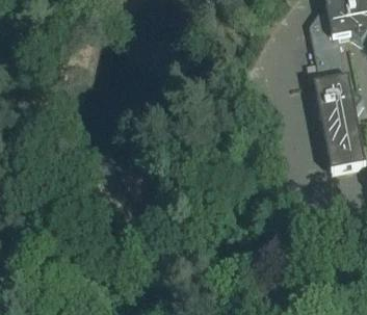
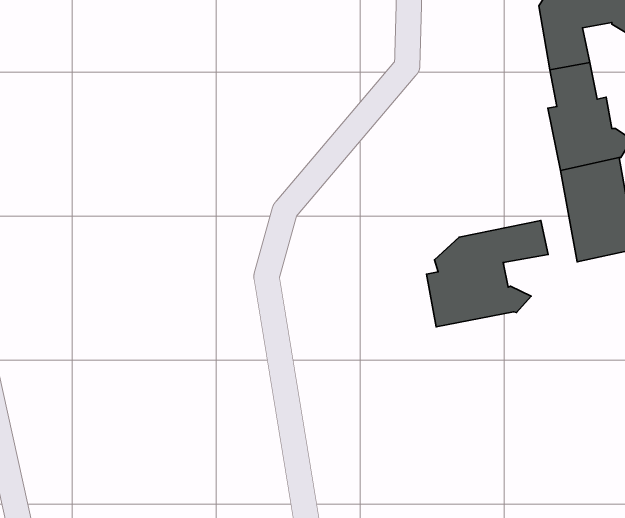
building: none -> [427,221,548,327]

